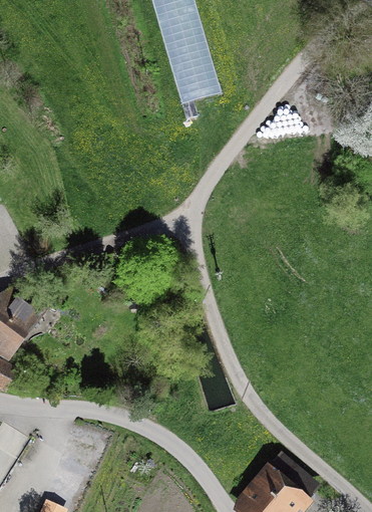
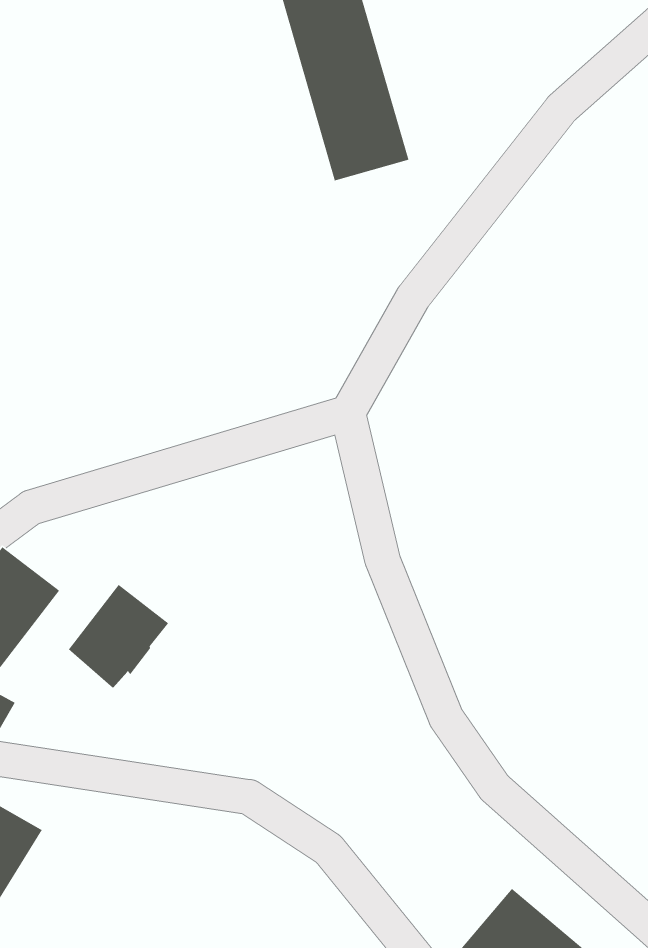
building: none -> [68,584,169,698]

